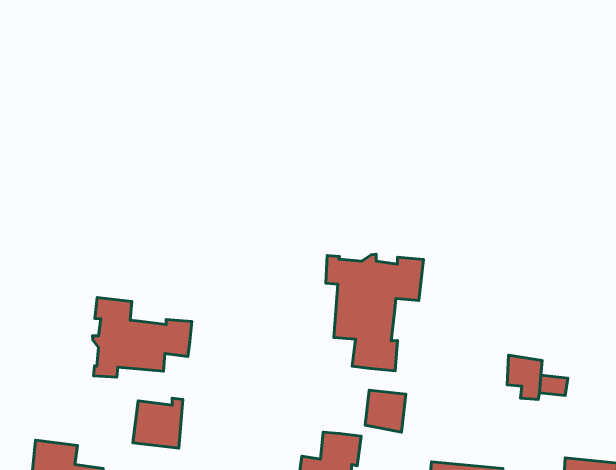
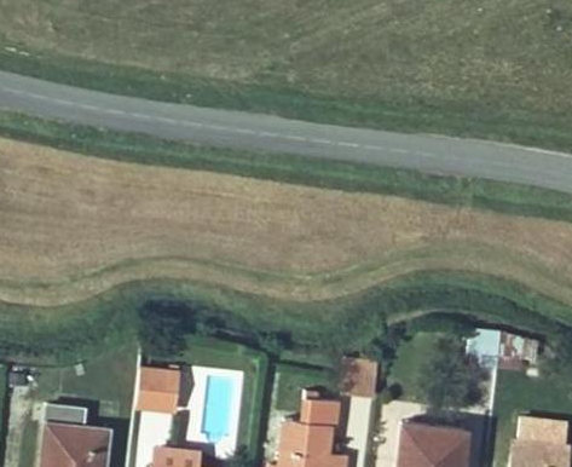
building: [326,254,424,371] -> none
building: [92,297,192,377] -> none

